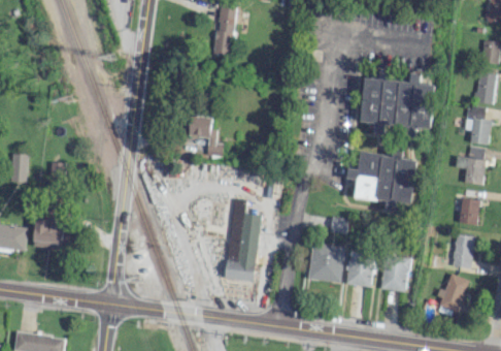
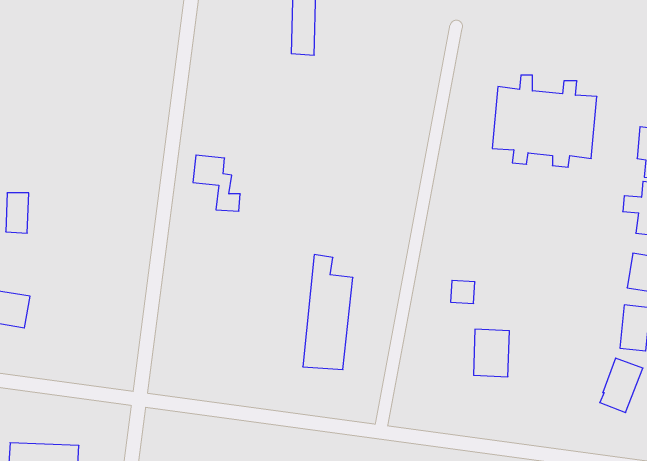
building: [190,116,224,156] -> [193,155,240,211]
building: [347,149,417,213] -> none
building: [34,217,64,249] -> none
building: [309,243,345,283] -> none
building: [381,255,410,292] -> none

